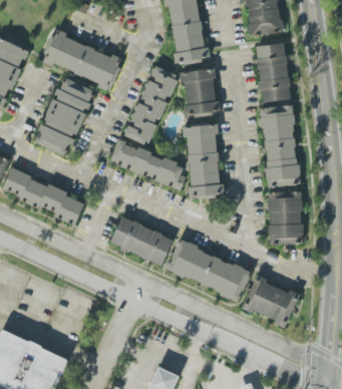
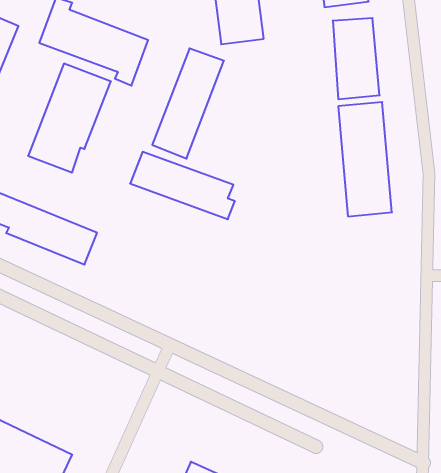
building: [180,68,221,114] -> none
building: [186,123,225,199] -> none
building: [268,190,304,245] -> none
building: [110,217,174,265] -> none
building: [166,242,251,299] -> none
building: [243,277,300,328] -> none

